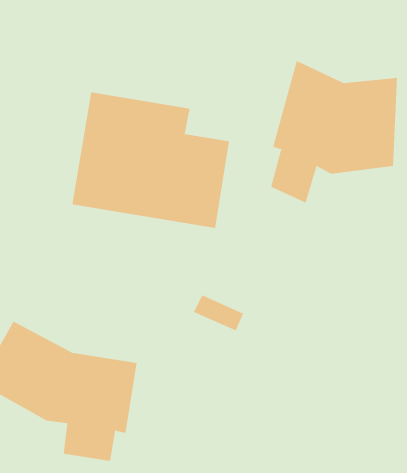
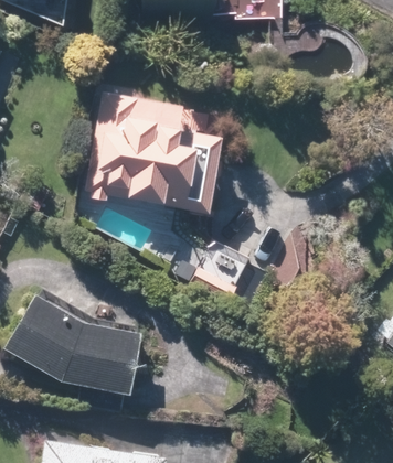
building: [270,60,398,203] -> none

